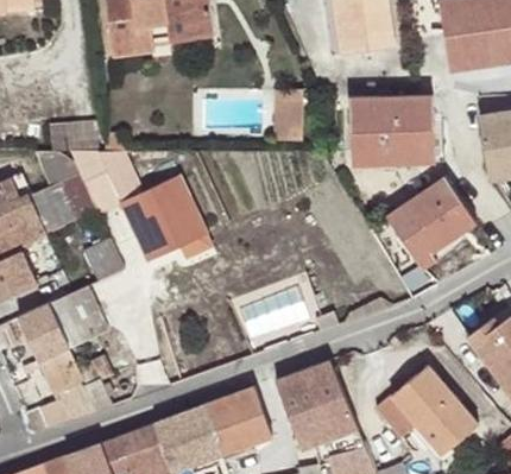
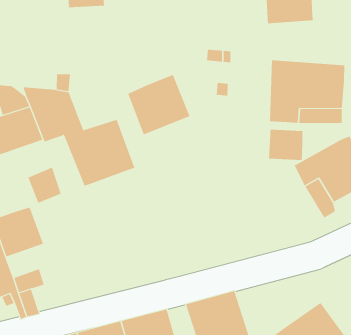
building: none -> [127,74,190,135]
building: [50,126,97,151] -> none
building: none -> [269,129,303,161]

